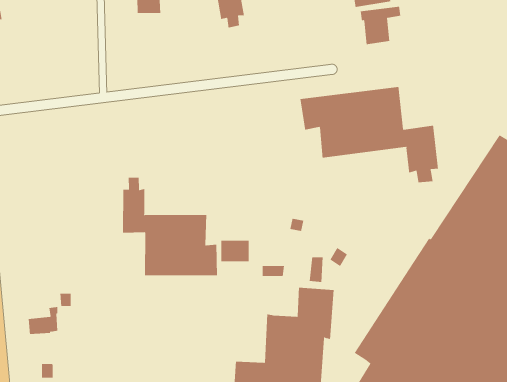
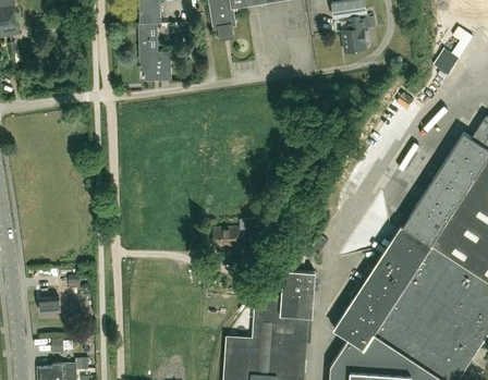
building: none -> [139,40,170,79]
building: [300,86,439,183] -> none
building: [123,177,217,276] -> none

